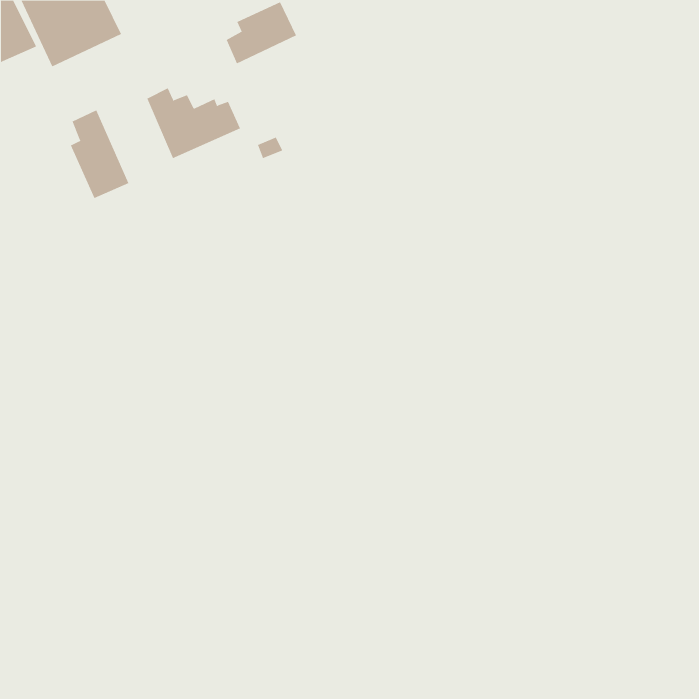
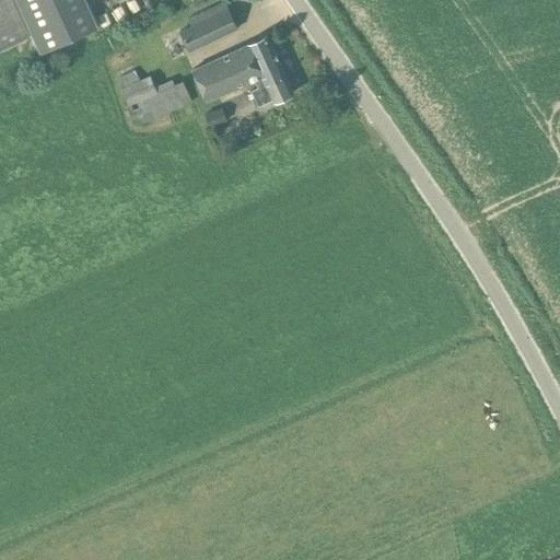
building: none -> [192,36,293,108]
building: [70,109,129,199] -> none

